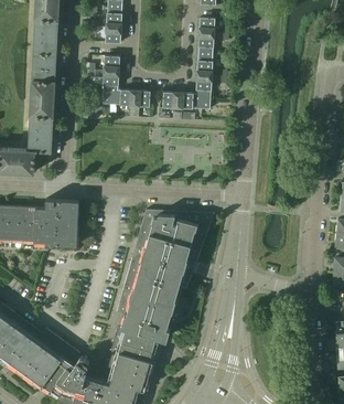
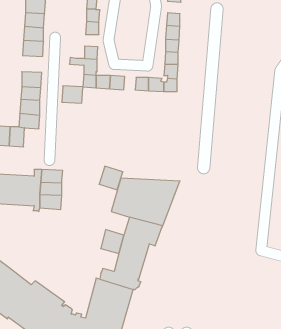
building: [32,66,56,86] -> [62,86,83,103]
building: [129,247,157,275] -> [99,166,123,190]
building: [117,290,144,317] -> none

